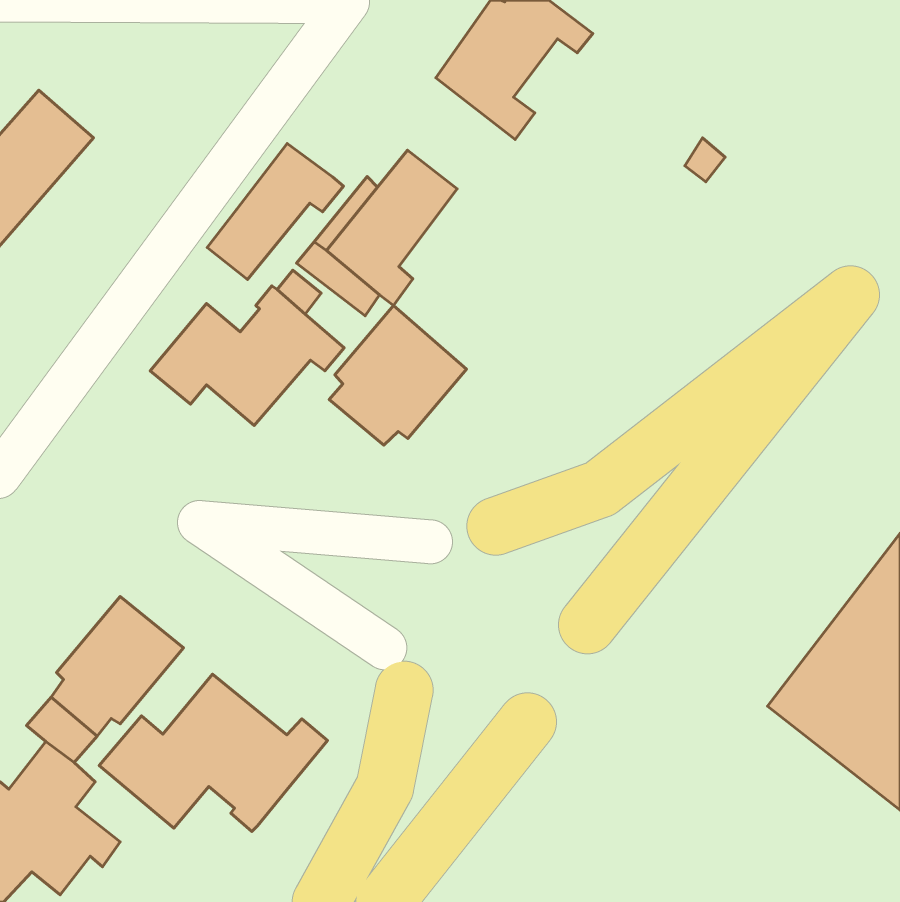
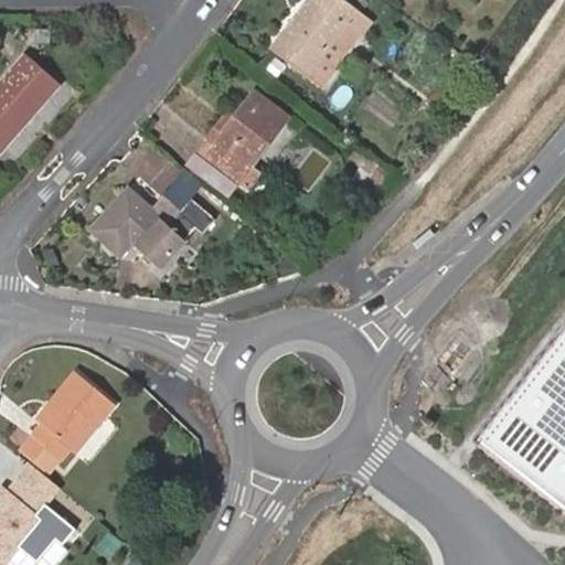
building: [207,143,344,280] -> none
building: [329,305,467,445] -> none
building: [99,674,327,831] -> none

